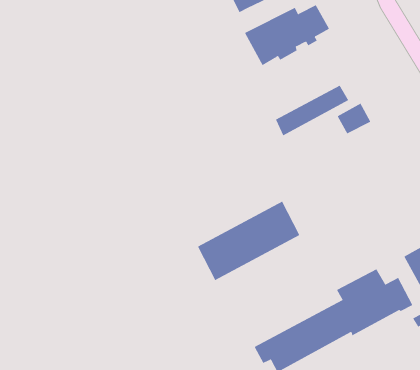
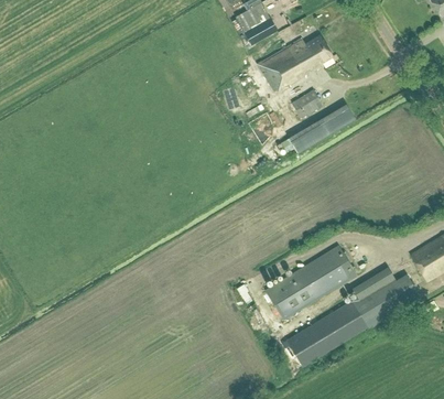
building: [337,103,371,134] -> [291,89,322,118]
building: [197,201,300,281] -> [264,245,356,320]

